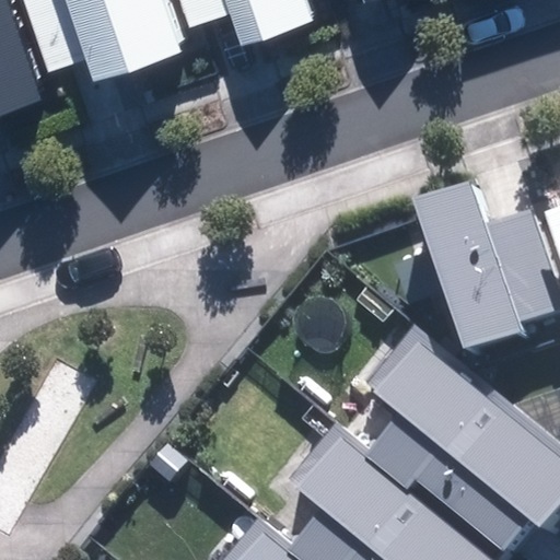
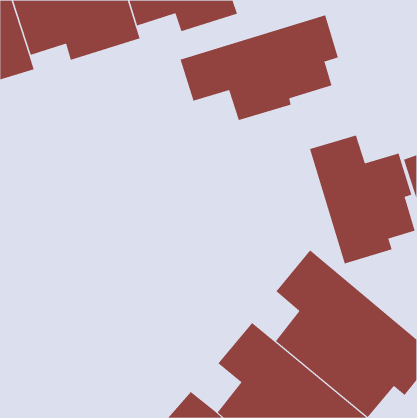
building: none -> [180,15,339,121]

